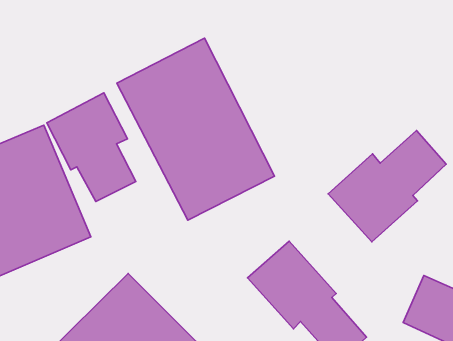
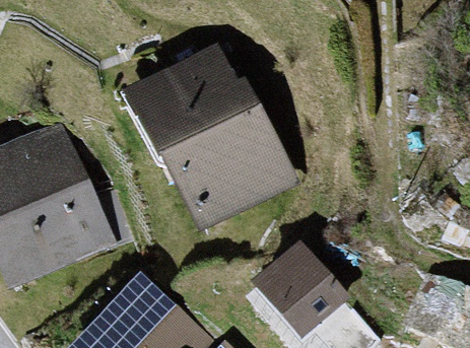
building: [47,93,136,201] -> none
building: [328,130,446,242] -> none

